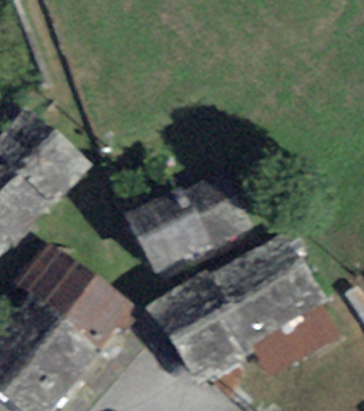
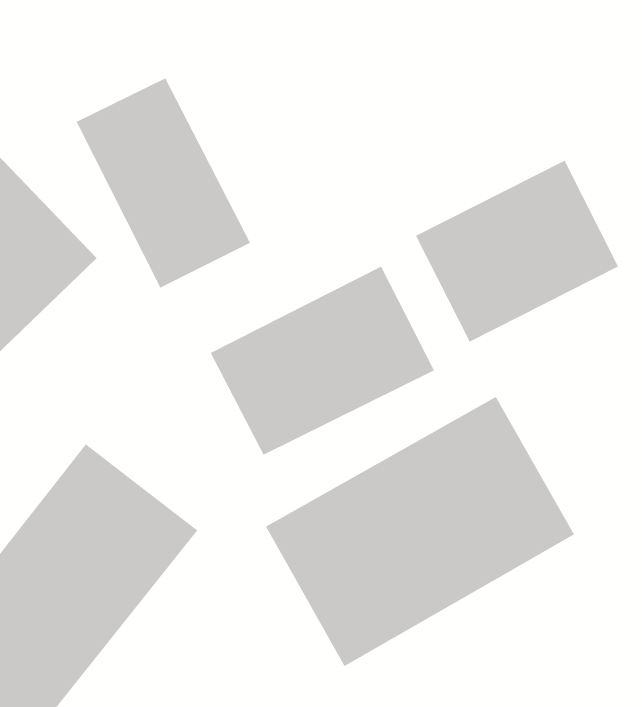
building: none -> [76,78,251,289]
building: none -> [415,160,619,342]

